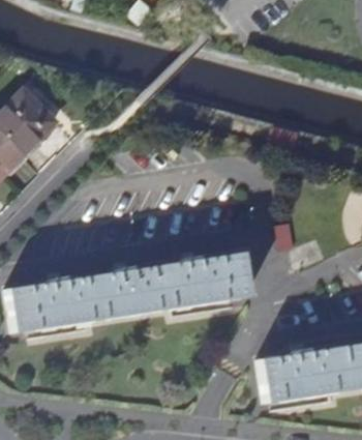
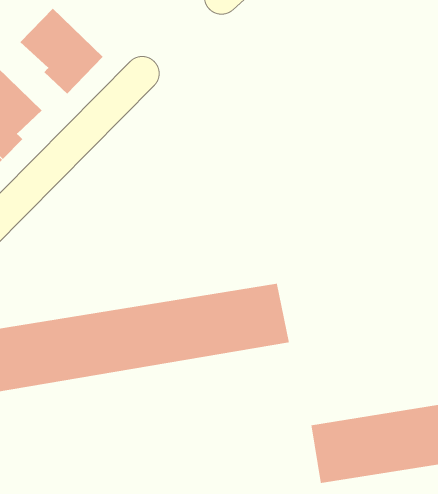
building: none -> [19,8,104,95]

